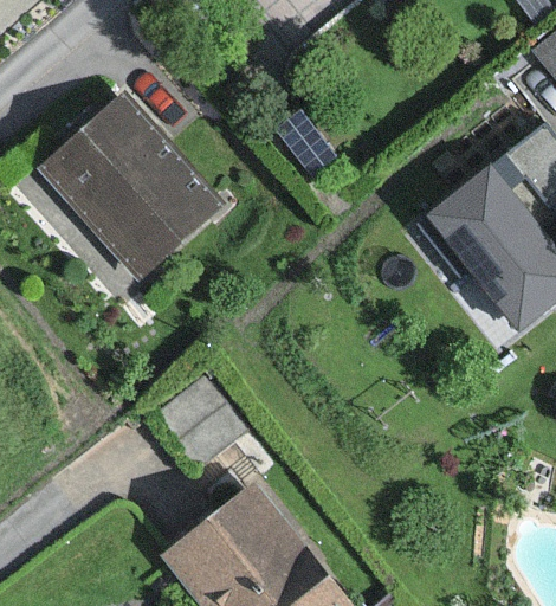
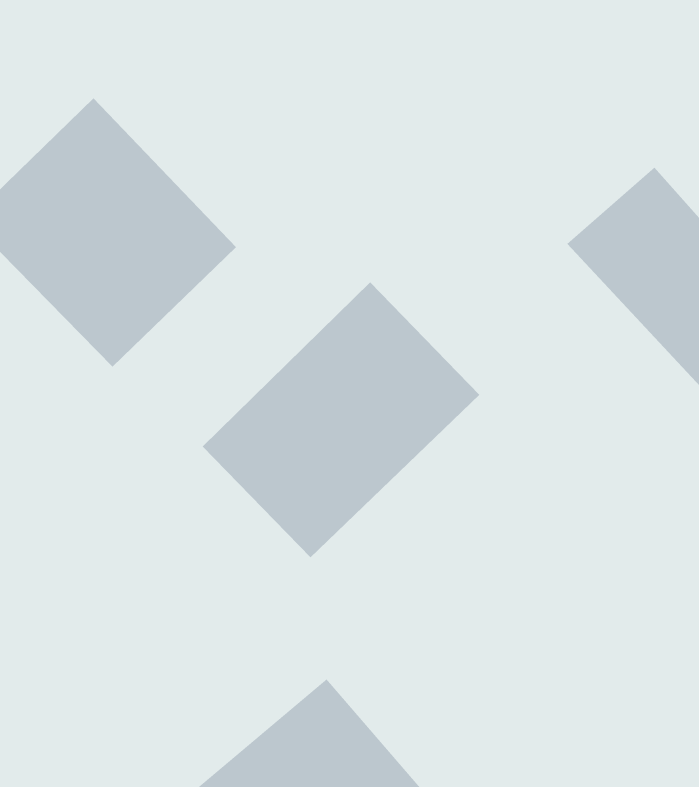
building: none -> [202,281,480,558]

